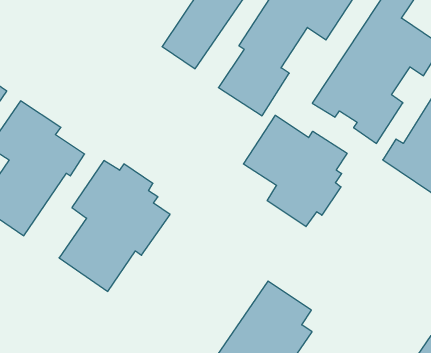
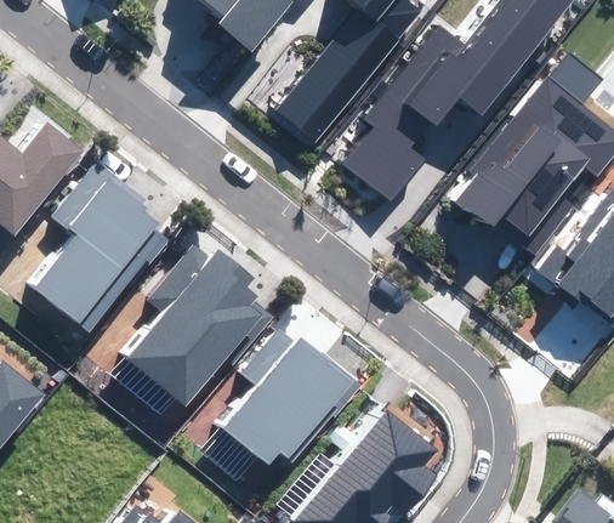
building: [243,115,347,227] -> none
building: none -> [226,329,359,464]

